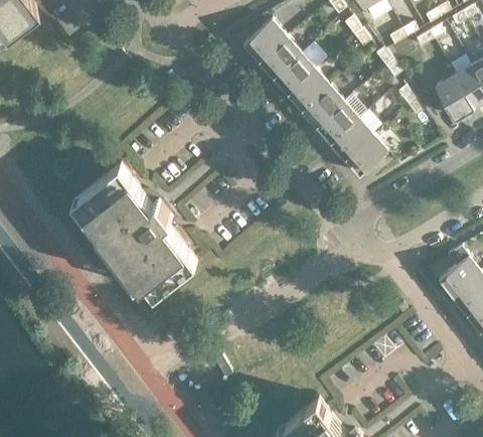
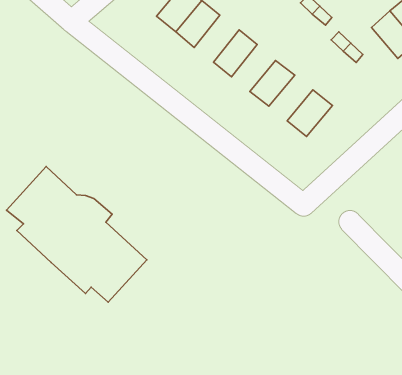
building: [273,52,316,94] -> none
building: [302,85,344,126] -> none
building: [331,118,373,158] -> none

